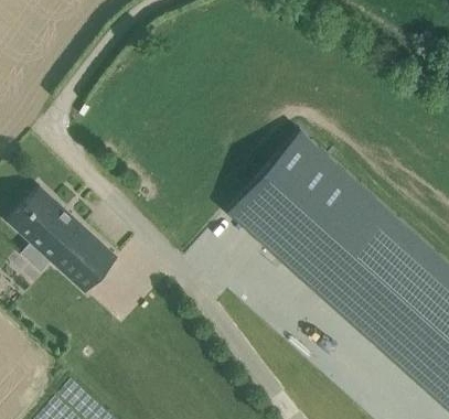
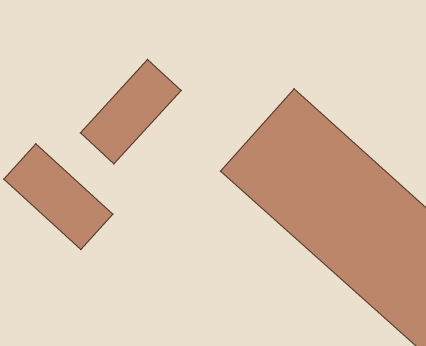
building: none -> [80,60,181,164]

